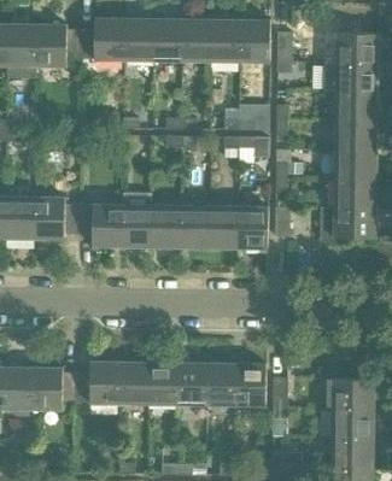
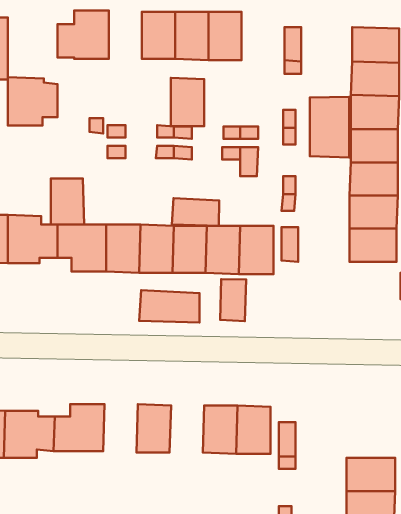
building: [124,18,153,60] -> [171,78,204,126]
building: [240,19,270,61] -> none
building: [36,24,80,66] -> [8,77,58,125]
building: none -> [310,97,349,158]
building: none -> [51,178,84,225]
building: none -> [172,198,219,226]
building: none -> [220,279,246,321]
building: none -> [139,290,200,323]
building: [119,362,150,404] -> none
building: [177,363,207,404] -> none
building: [332,379,374,409] -> none

